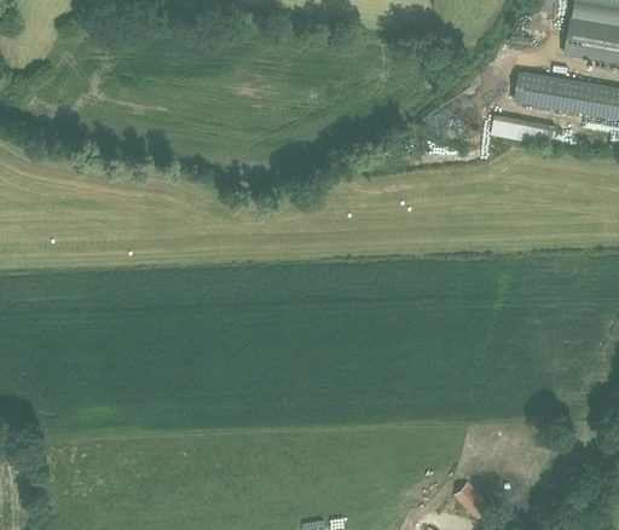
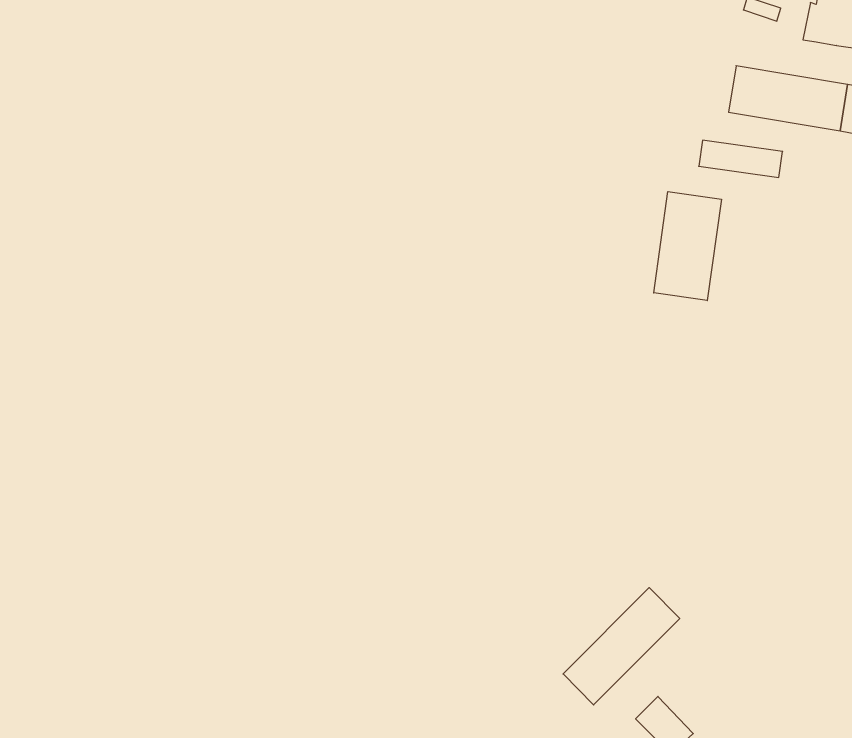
building: none -> [654,192,721,301]
building: none -> [563,588,680,705]

